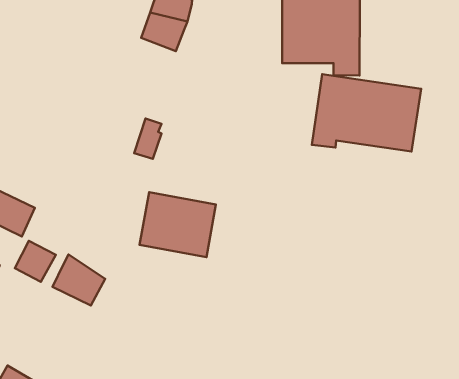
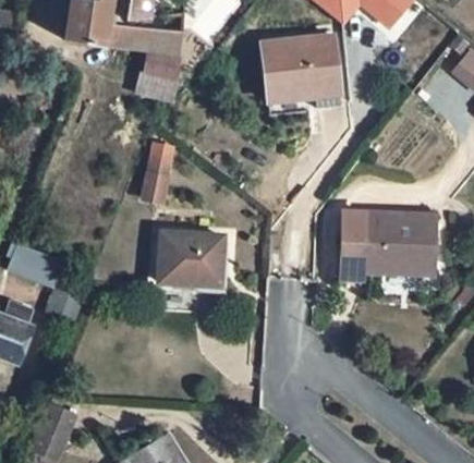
building: [312,74,421,151] -> [341,212,435,278]
building: [53,254,105,306] -> none

